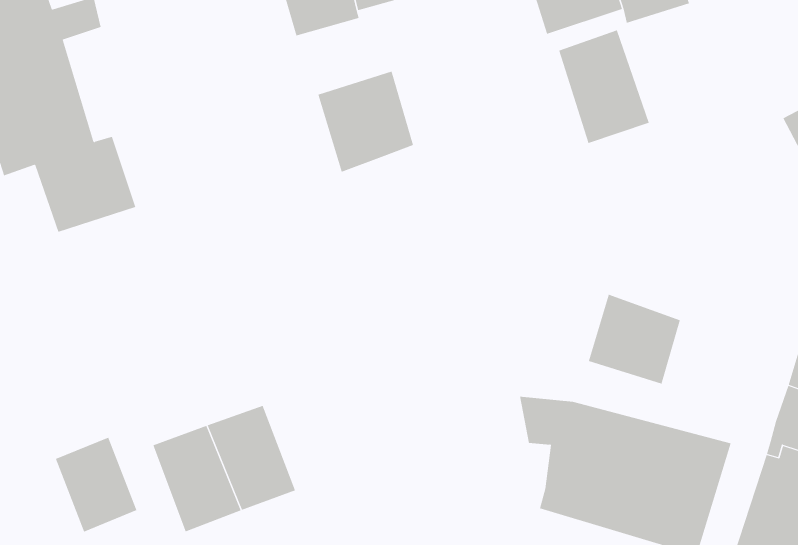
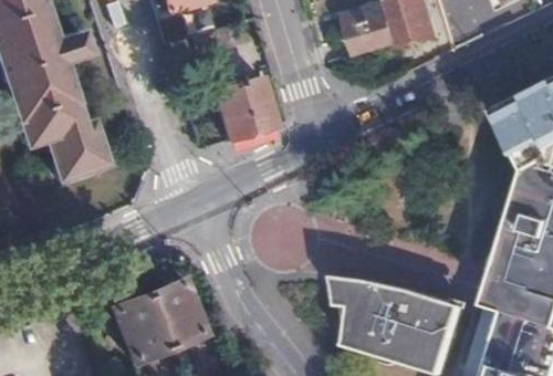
building: [559,29,649,144] -> none
building: [588,294,681,384] -> none
building: [55,437,137,532] -> none

